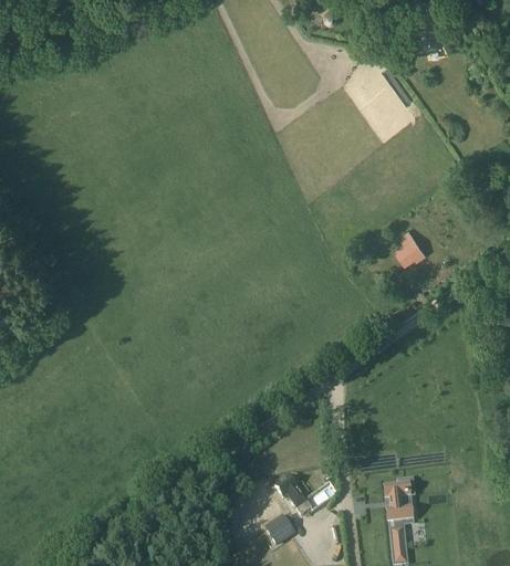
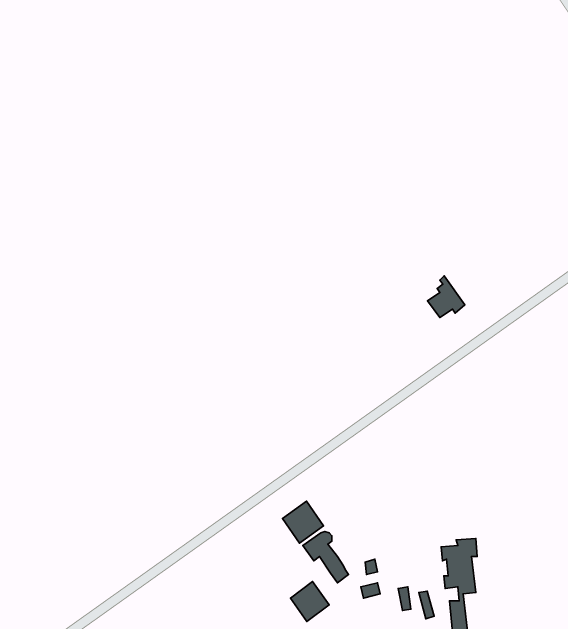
building: [394,230,424,263] -> [428,276,465,317]
building: none -> [283,501,323,543]

